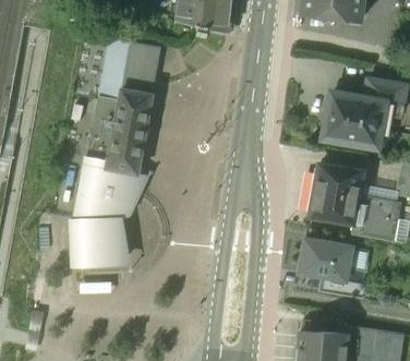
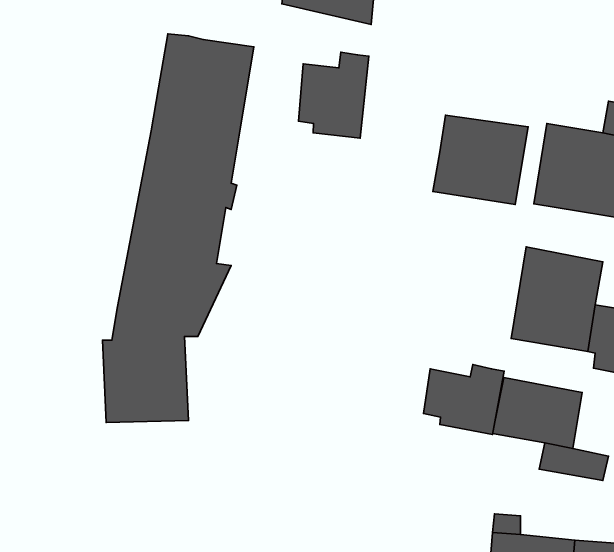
building: none -> [299,52,369,138]
building: none -> [433,115,528,205]
building: none -> [424,365,504,434]

